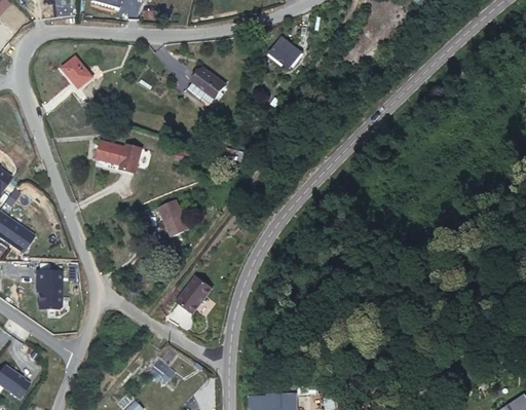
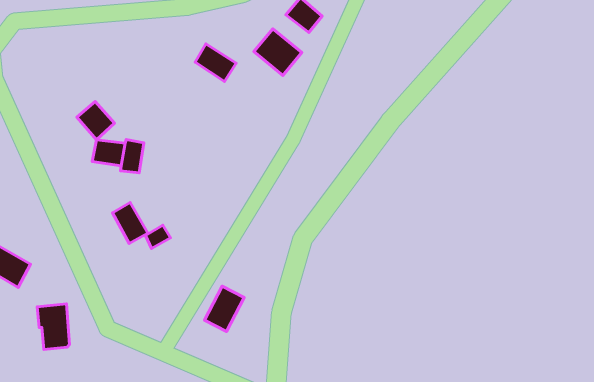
building: [58,58,88,89] -> [77,102,115,140]
building: none -> [254,29,302,75]
building: [155,204,183,238] -> [113,203,148,244]

